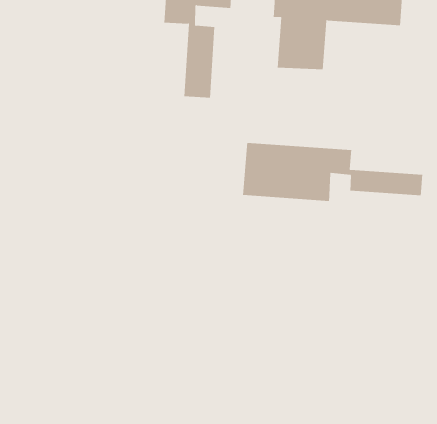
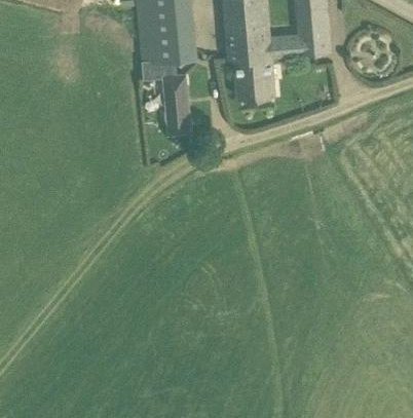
building: [242,142,423,202] -> none

